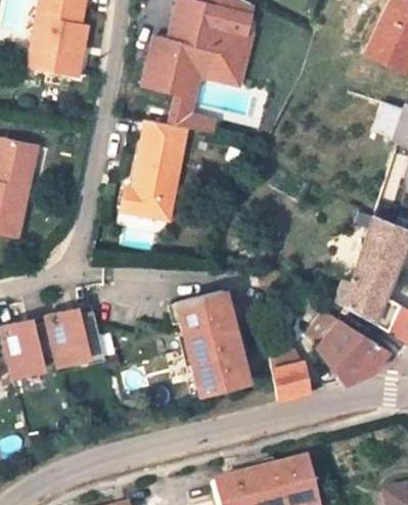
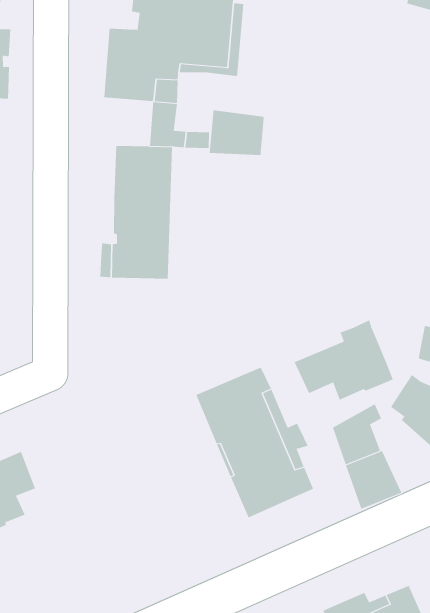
building: none -> [209,109,264,156]
building: none -> [294,319,393,401]
building: [46,311,106,366] -> none

